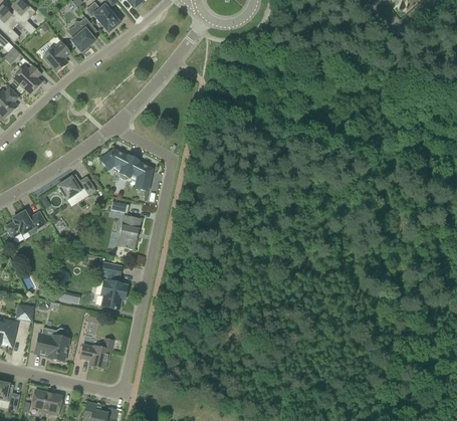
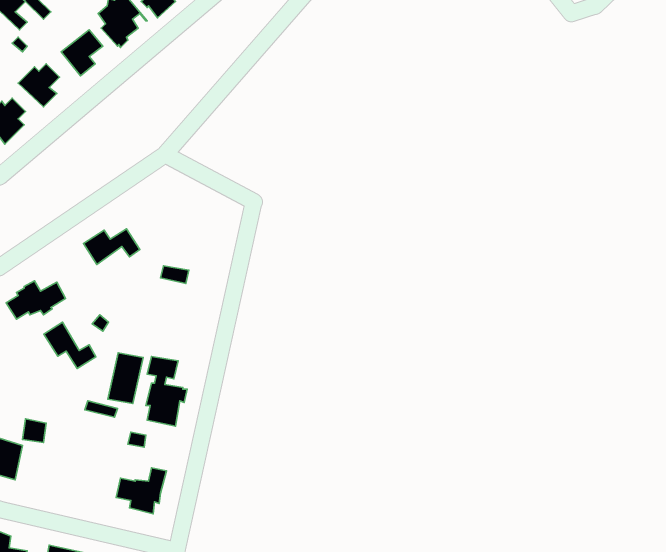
building: [99,148,152,190] -> none
building: [117,214,141,248] -> [108,353,143,403]
building: none -> [44,322,96,369]
building: [34,327,68,362] -> none

